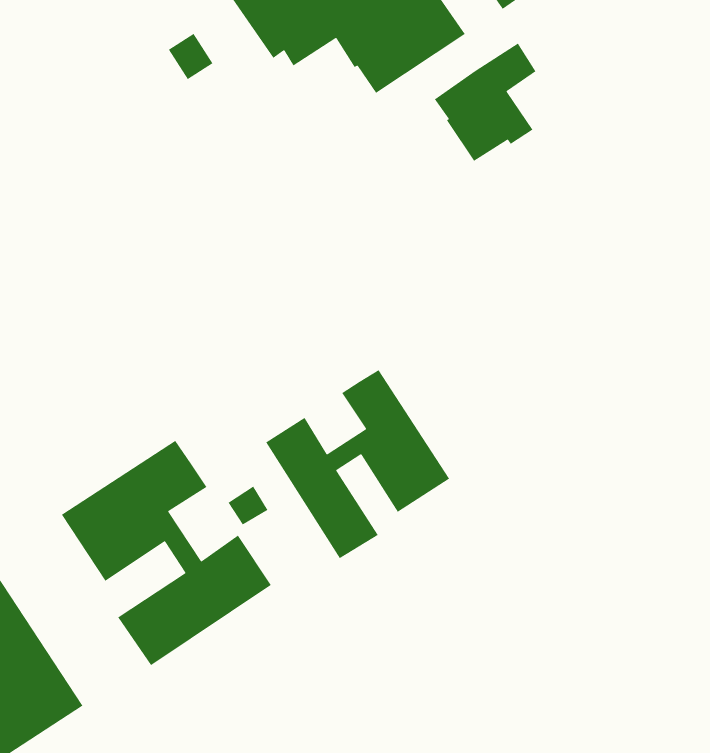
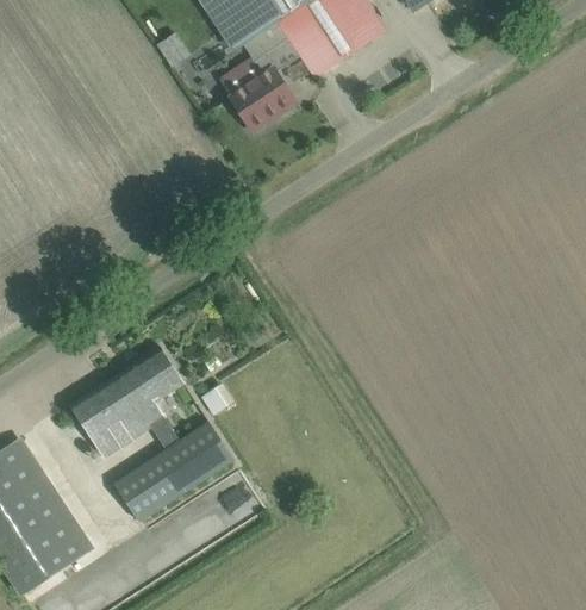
building: [434,42,536,162] -> [219,35,299,127]
building: [265,369,450,559] -> none

